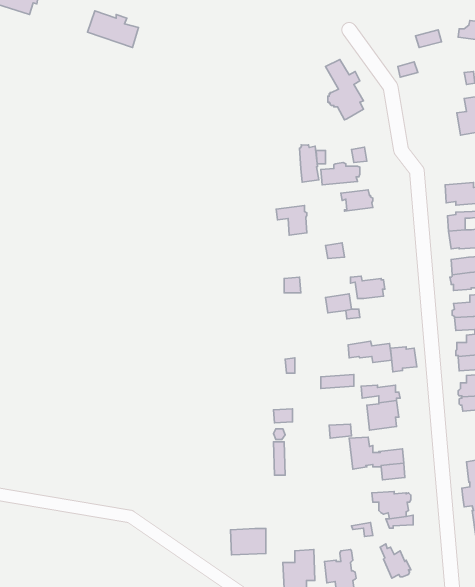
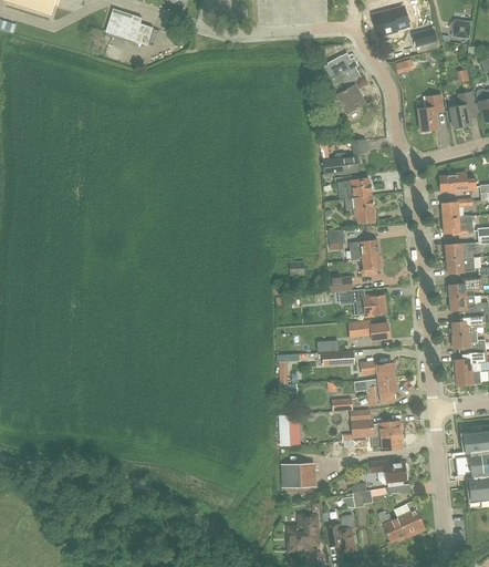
building: none -> [373,7,406,35]
building: none -> [418,94,443,132]
building: [299,145,319,182] -> none
building: [276,206,307,235] -> [345,195,374,223]
building: none -> [348,239,378,260]
building: [391,347,417,372] -> [362,293,386,317]
building: [230,529,266,555] -> [282,463,315,487]
building: none -> [397,499,424,534]

